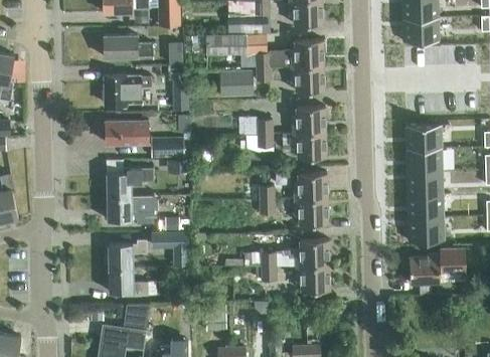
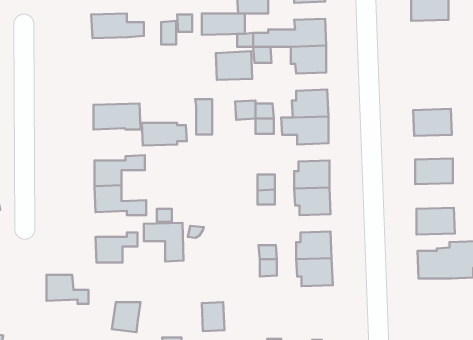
building: [105,75,152,105] -> none
building: [172,78,188,112] -> [195,99,212,135]
building: [406,149,443,172] -> none
building: [407,194,444,218] -> none
building: [109,269,148,296] -> [47,275,88,304]

